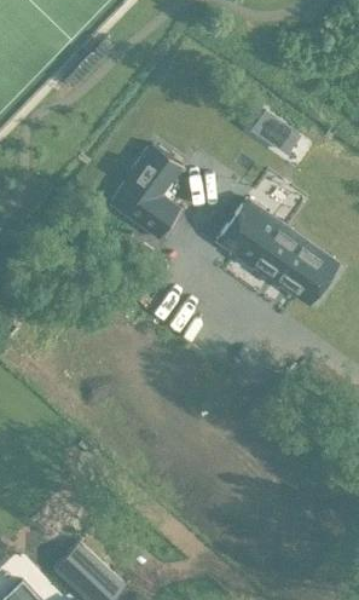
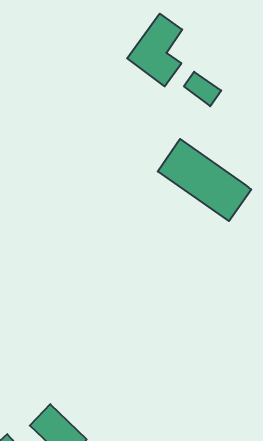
building: [111,144,183,238] -> [127,14,182,86]

